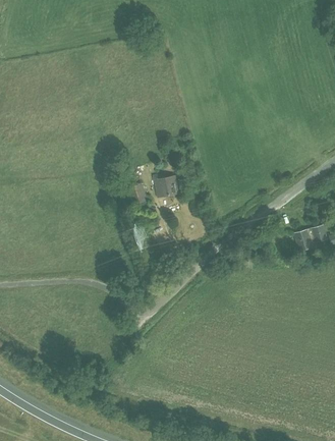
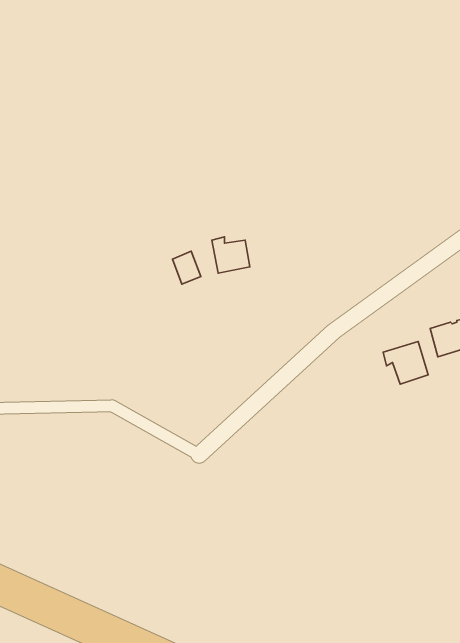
building: none -> [383,341,428,384]

